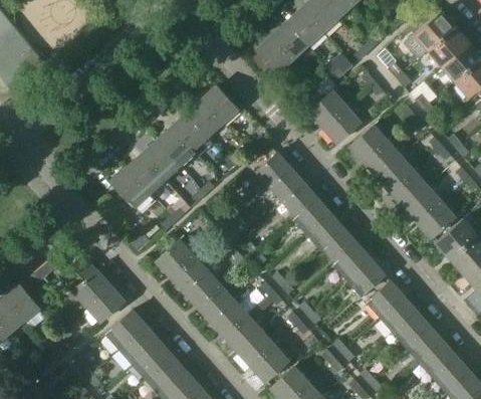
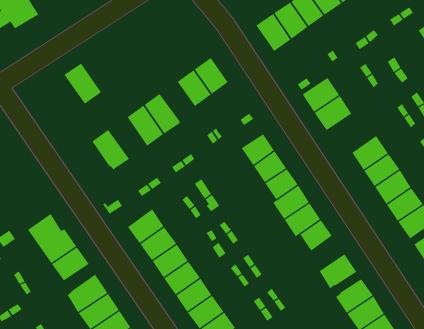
building: [172,114,207,149] -> none
building: [350,125,387,161] -> none
building: [127,154,166,194] -> [63,63,102,105]
building: [333,243,371,279] -> none

